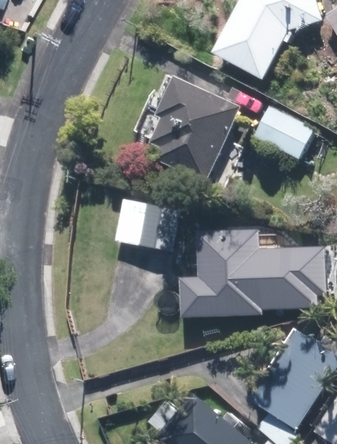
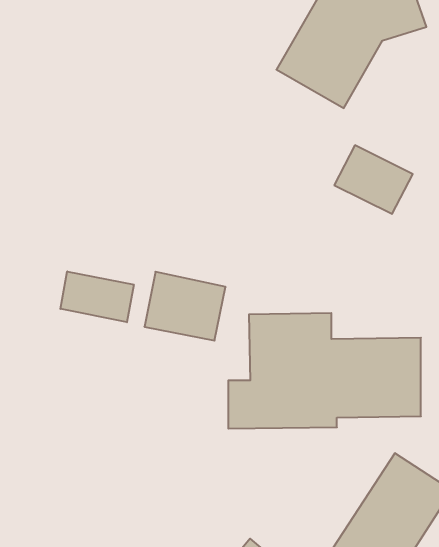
building: [154,78,242,181] -> none
building: none -> [60,271,134,322]

